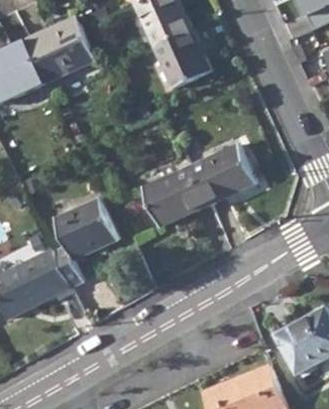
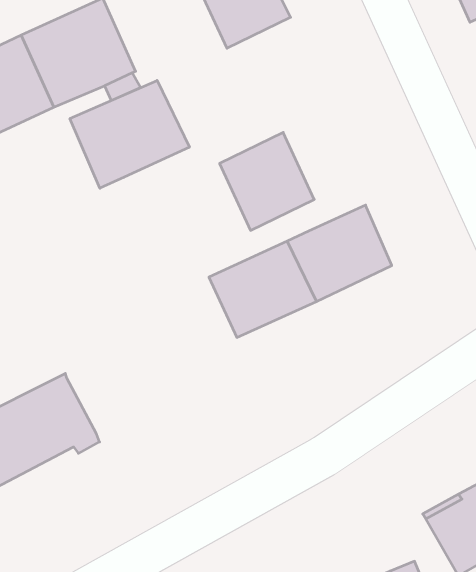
building: [152,28,211,89] -> [220,132,314,230]
building: none -> [70,80,189,188]
building: [53,198,117,285] -> none

